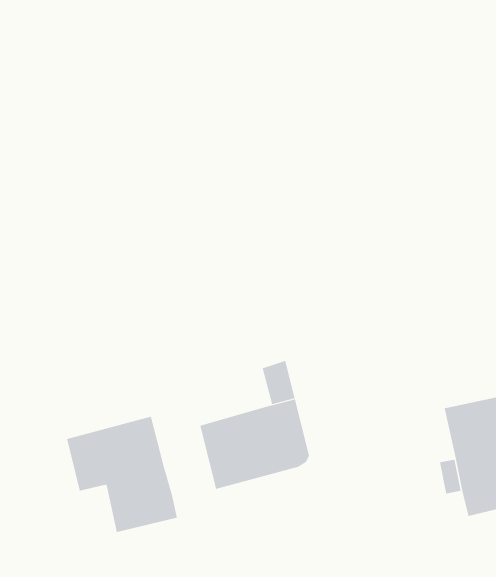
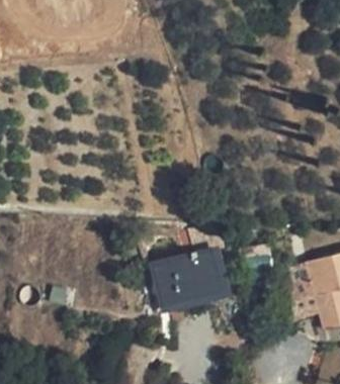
building: [66,416,178,533] -> none

